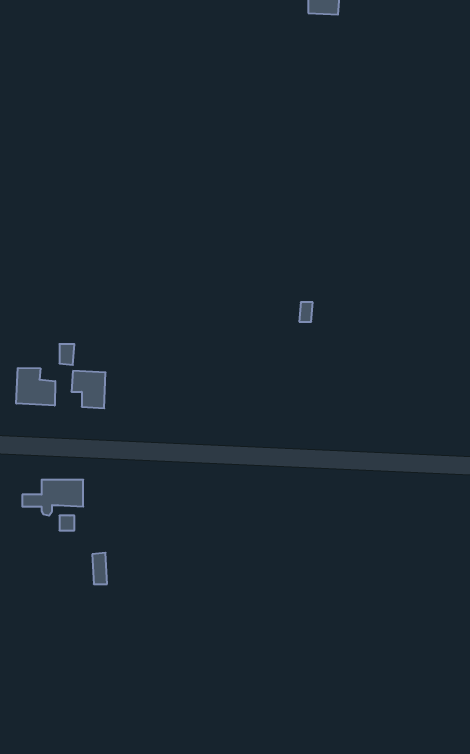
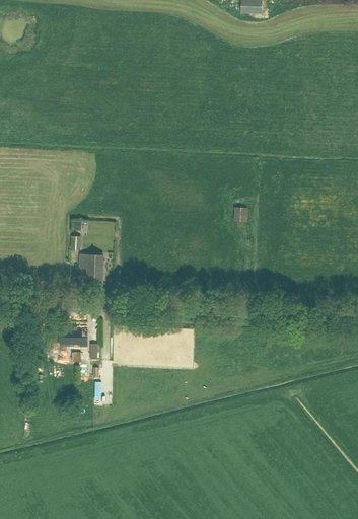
building: [16,368,55,406] -> none

